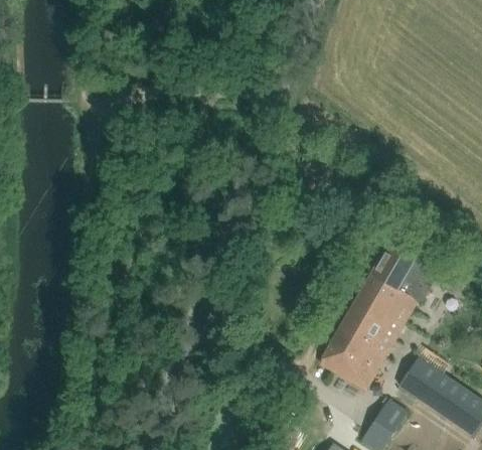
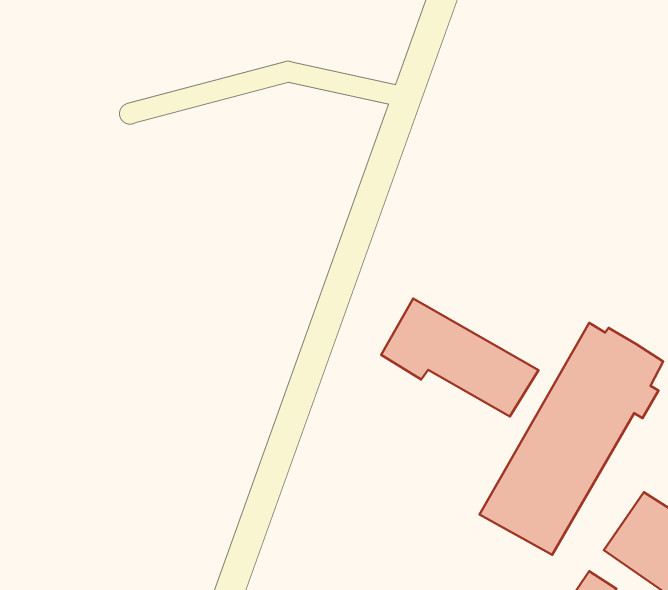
building: none -> [381,299,539,416]

